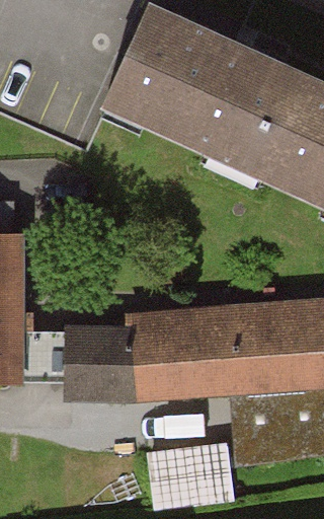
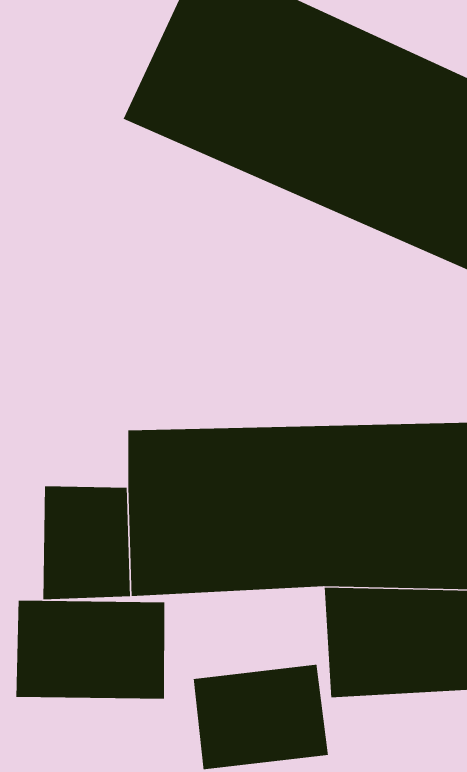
building: none -> [16,600,165,700]

